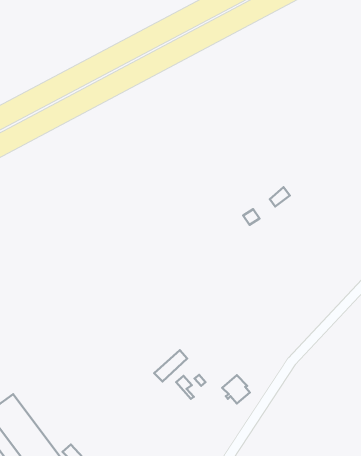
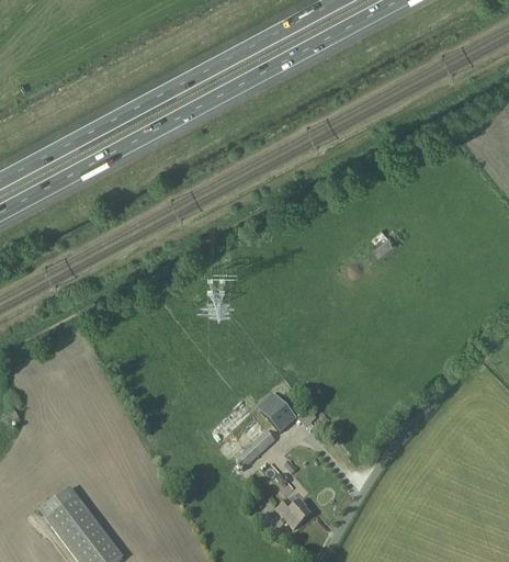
building: none -> [258,393,298,434]
building: [222,375,250,403] -> [278,495,310,529]

